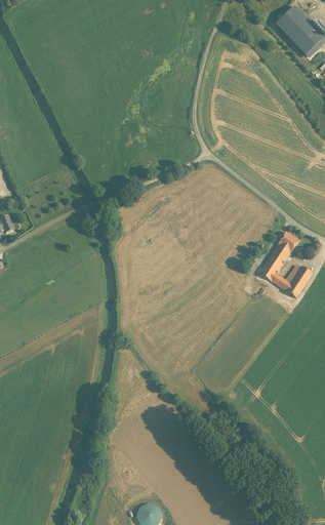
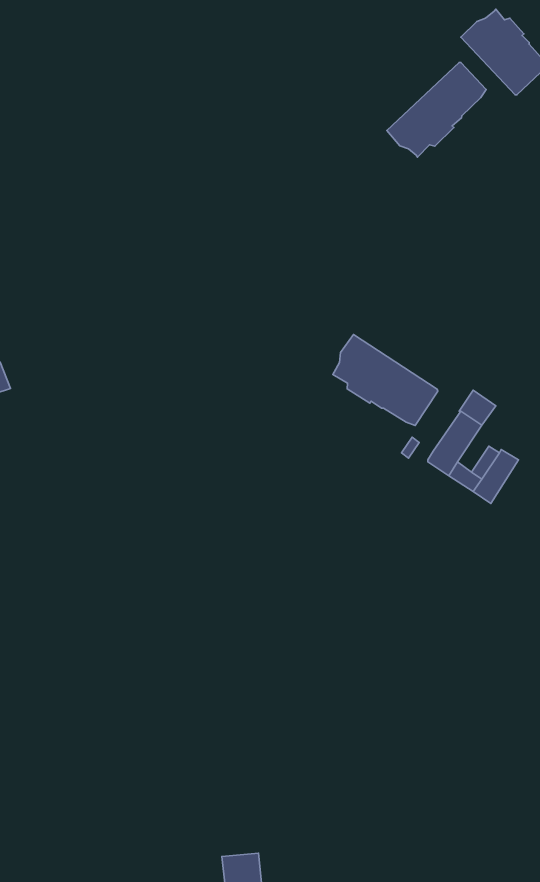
building: none -> [387,62,486,157]
building: none -> [333,334,438,425]

